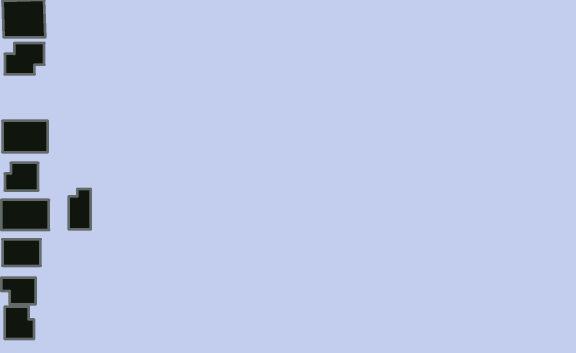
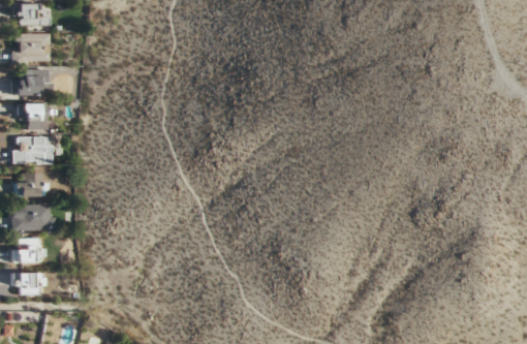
building: none -> [23,103,48,129]
building: [69,189,91,229] -> none
building: [5,307,34,339] -> none

